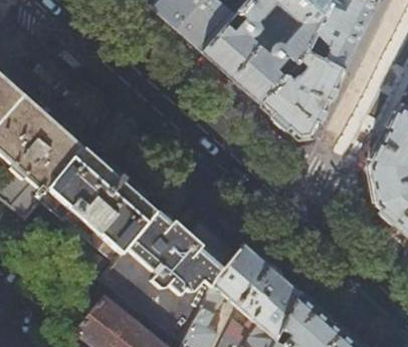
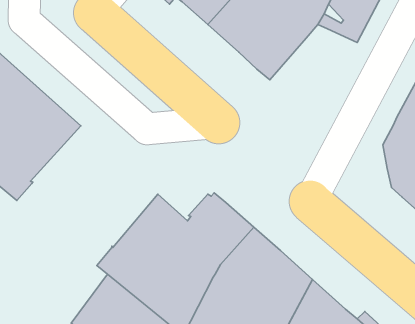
building: [261,56,344,137] -> none
building: [36,147,156,262] -> none

